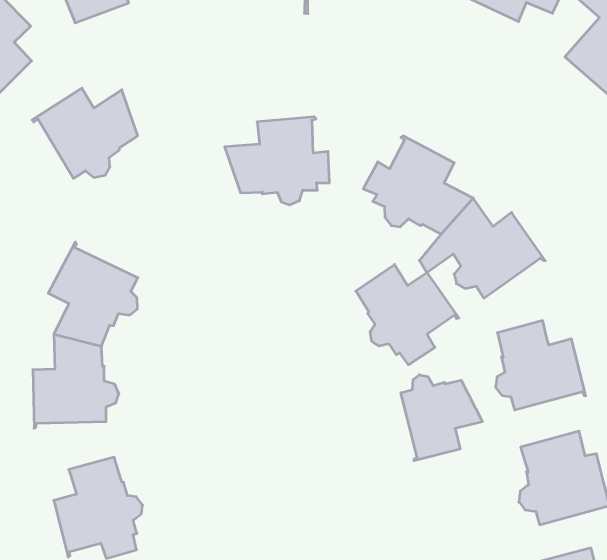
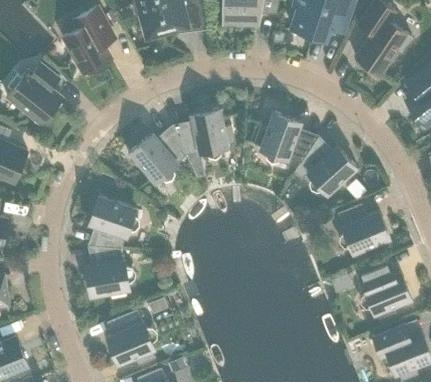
building: [32,88,138,178] -> [127,131,186,183]
building: [356,264,459,365] -> none
building: [401,375,482,461] -> none

